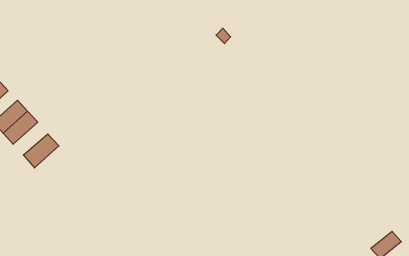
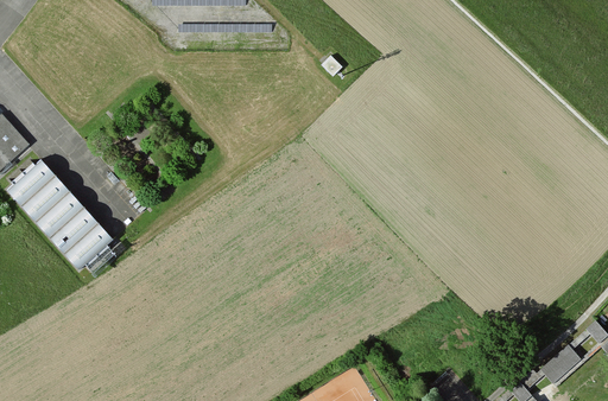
building: none -> [36,191,84,237]
building: none -> [65,224,112,268]

